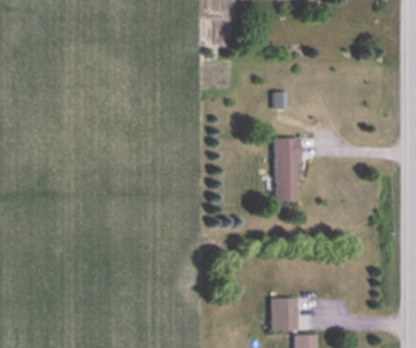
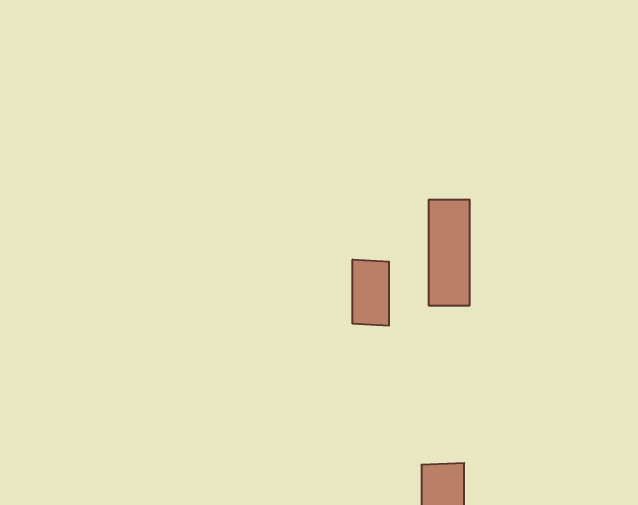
building: none -> [353,259,389,326]

